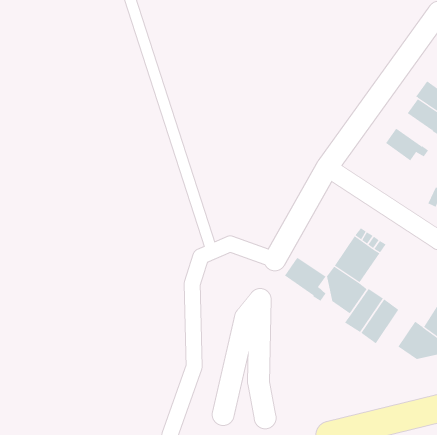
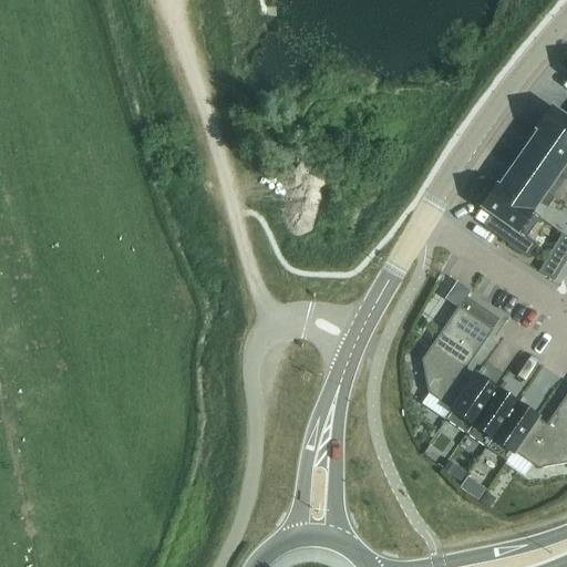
building: none -> [513,146,559,188]
building: none -> [483,183,542,254]
building: [284,257,326,302] -> none
building: none -> [487,400,538,457]

